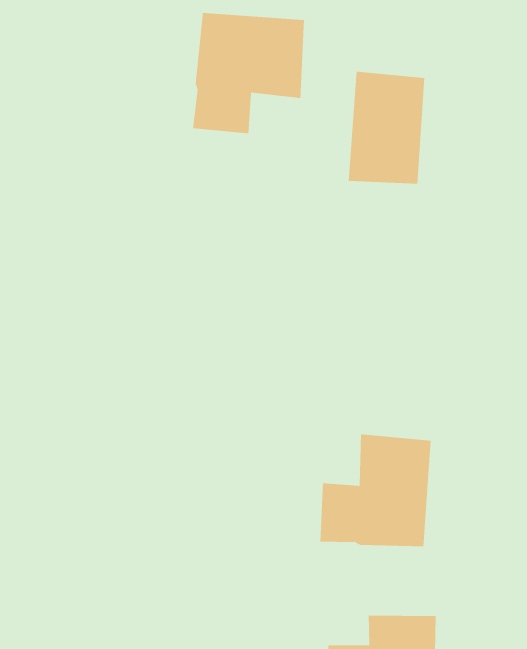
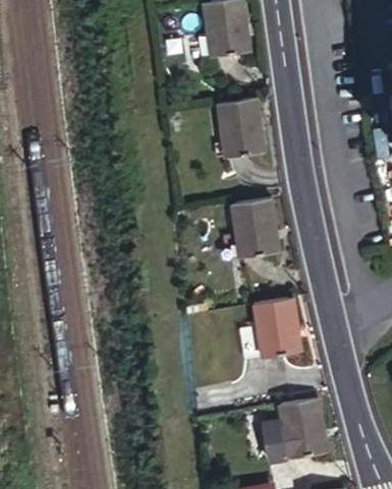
building: [192,12,305,134] -> none
building: none -> [236,196,281,259]

